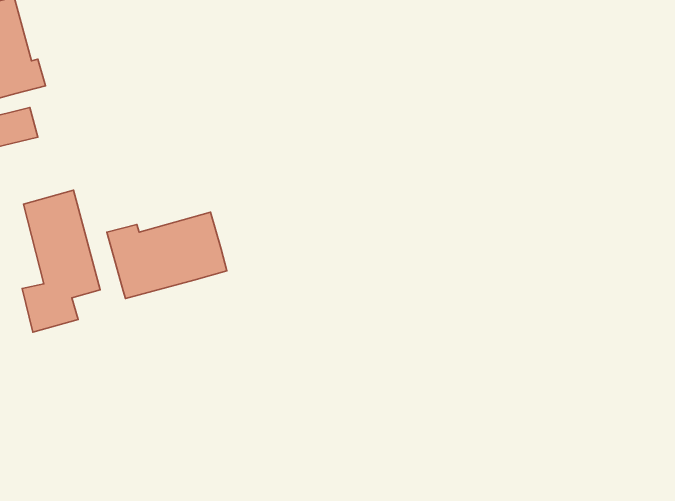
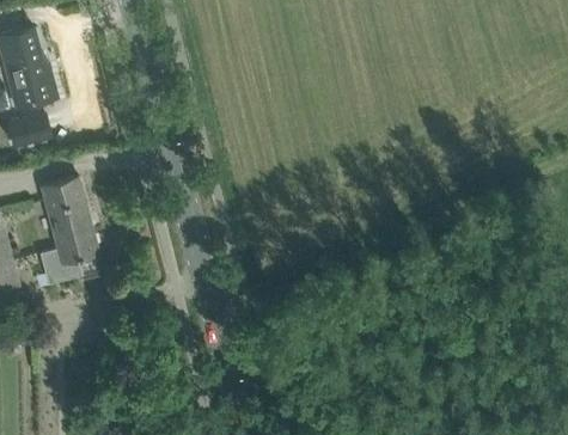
building: [107,212,227,298] -> none

